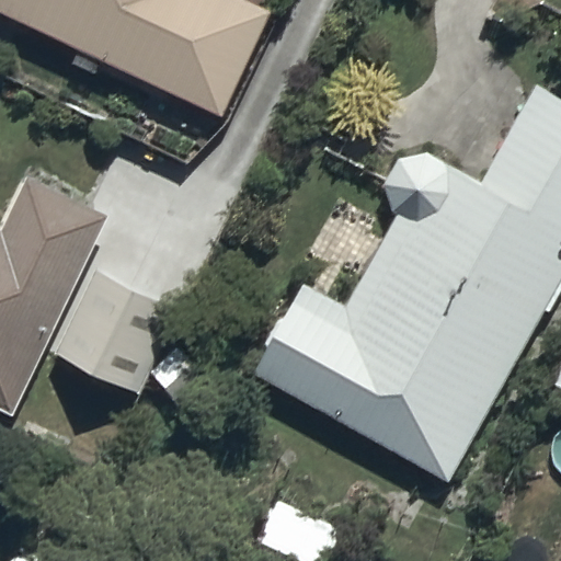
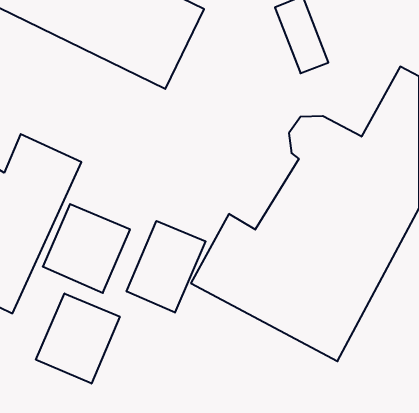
building: none -> [127,221,206,313]
building: none -> [36,293,120,384]

